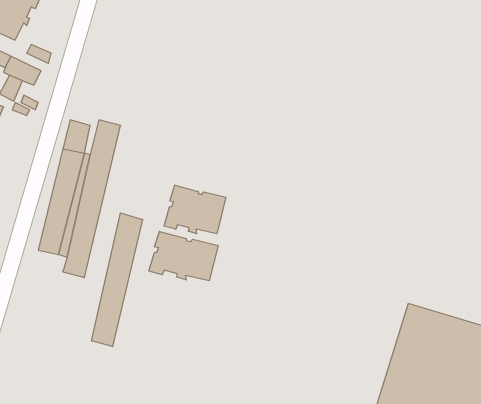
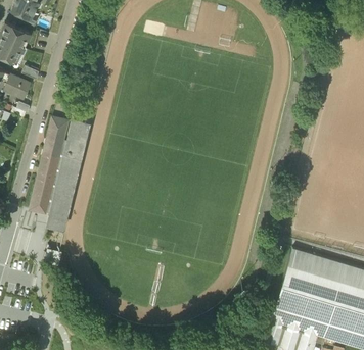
building: [164,185,226,234] -> none
building: [92,213,143,347] -> none
building: [149,231,218,281] -> none

